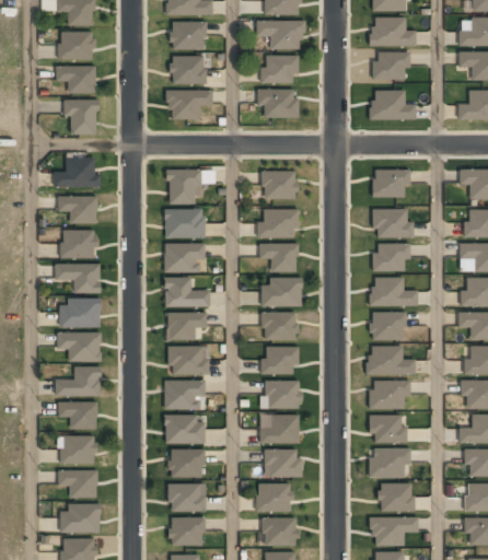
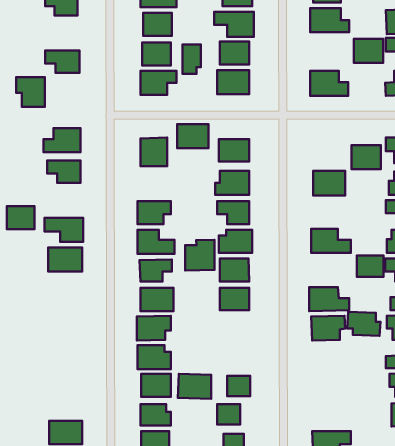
building: [58,32,93,59] -> none
building: [373,51,408,80] -> [354,39,383,63]
building: none -> [183,45,201,74]
building: [63,100,97,135] -> [16,77,45,107]
building: [373,170,408,198] -> [351,145,381,169]
building: [166,210,204,238] -> [177,124,209,148]
building: [61,231,94,258] -> [7,206,35,229]
building: [373,245,408,271] -> none
building: none -> [185,240,214,270]
building: [371,314,403,339] -> [357,256,384,277]
building: [58,334,101,362] -> none
building: [56,368,101,396] -> none
building: [267,383,299,407] -> none
building: [58,401,97,430] -> none
building: [260,415,300,444] -> [178,374,211,399]
building: [369,415,408,443] -> [347,312,381,336]
building: [58,436,95,464] -> none
building: [370,448,411,478] -> none
building: [58,471,97,498] -> none
building: [384,486,409,510] -> none

